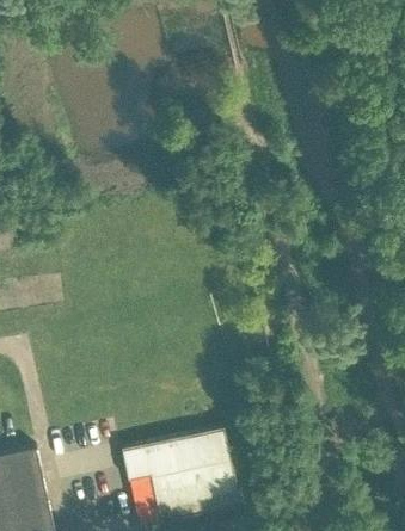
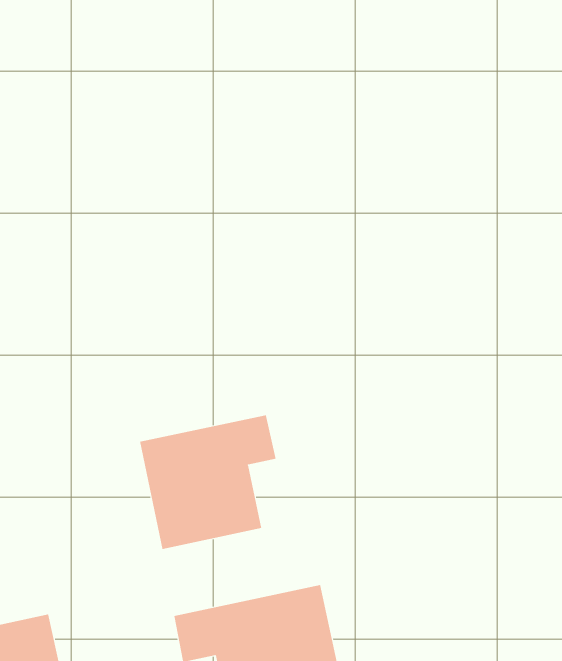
building: none -> [140,414,277,550]

